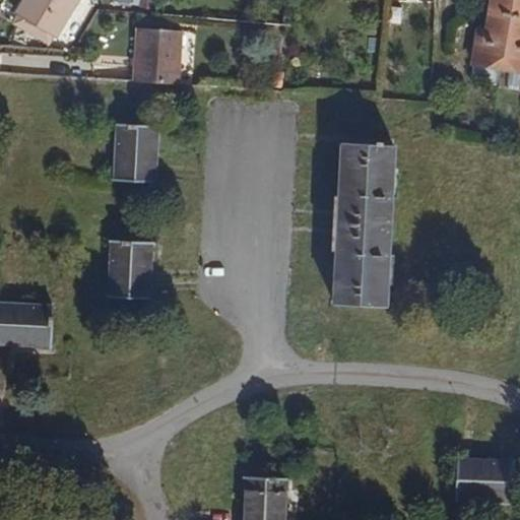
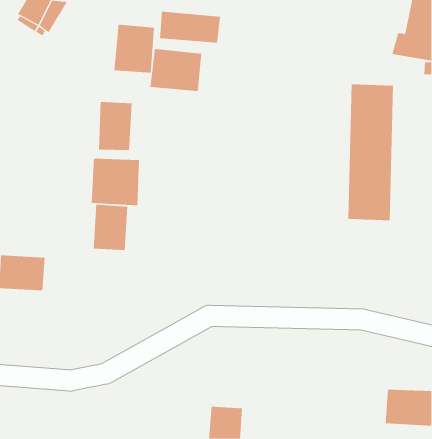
building: none -> [160,11,220,43]
building: none -> [150,48,202,92]
building: [336,144,391,306] -> [347,84,394,221]
building: none -> [91,158,139,206]

